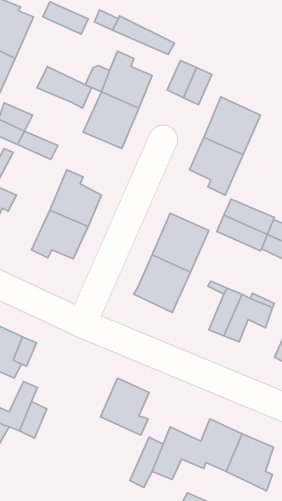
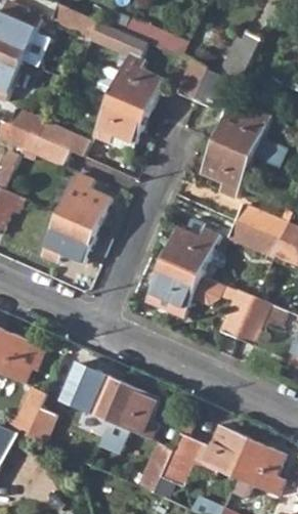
building: none -> [216,30,258,78]
building: [37,67,92,108] -> [33,112,88,154]
building: none -> [70,368,127,422]

